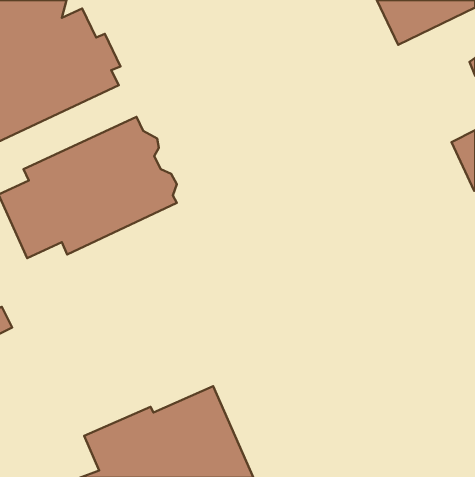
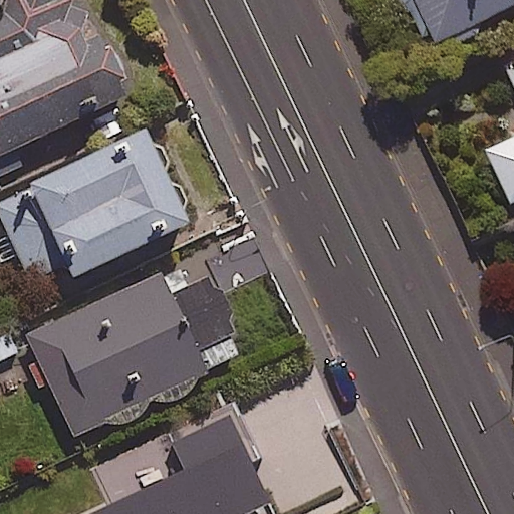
building: none -> [28,273,244,435]

